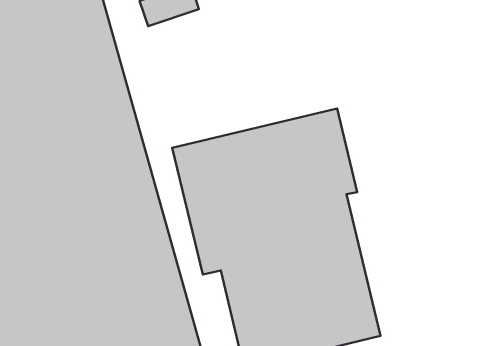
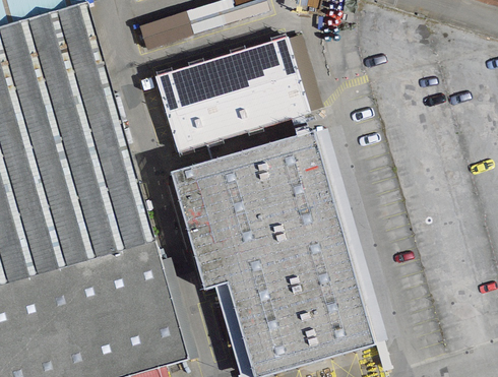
building: none -> [153,35,322,150]

